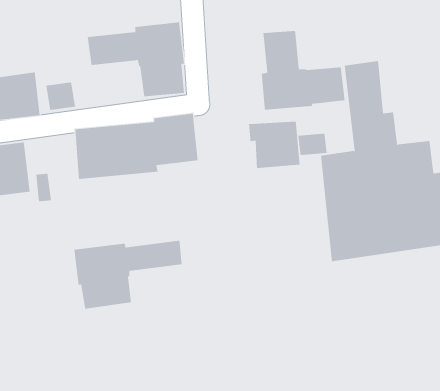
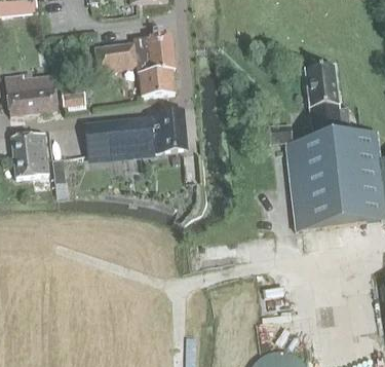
building: [261,30,345,111] -> none
building: [248,121,300,169] -> none
building: [74,240,182,310] -> none

